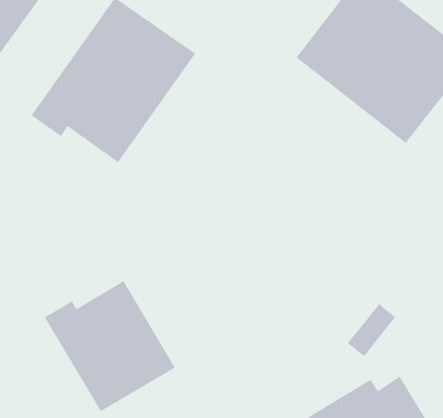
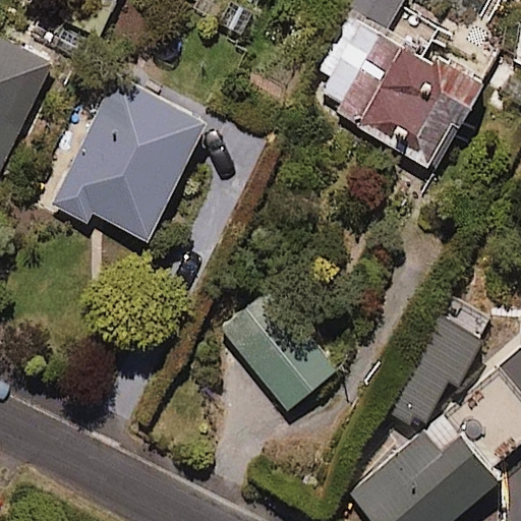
building: none -> [221,293,339,415]
building: [44,280,176,412] -> none

